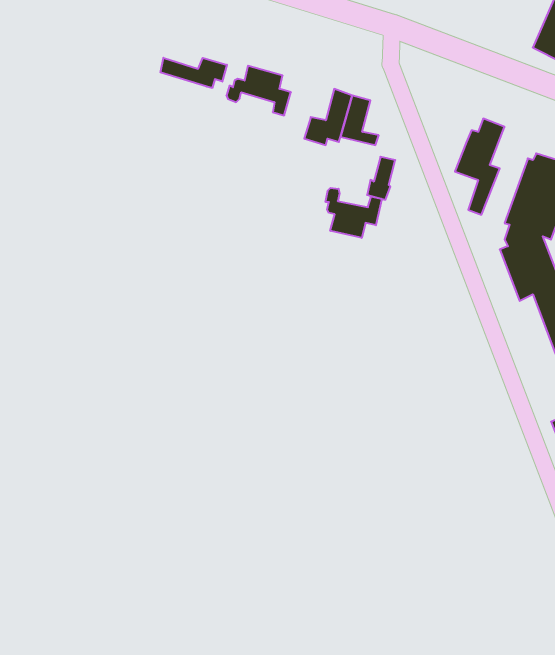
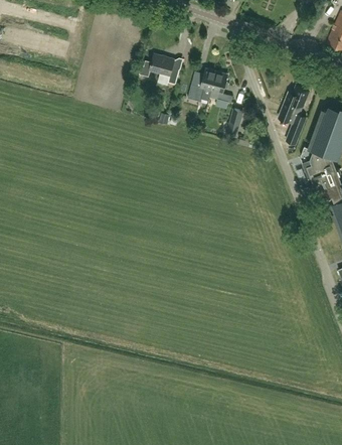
building: [160,58,227,88] -> none
building: [326,188,382,238] -> none

